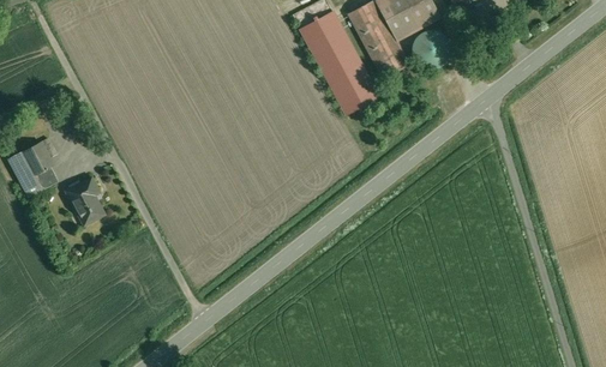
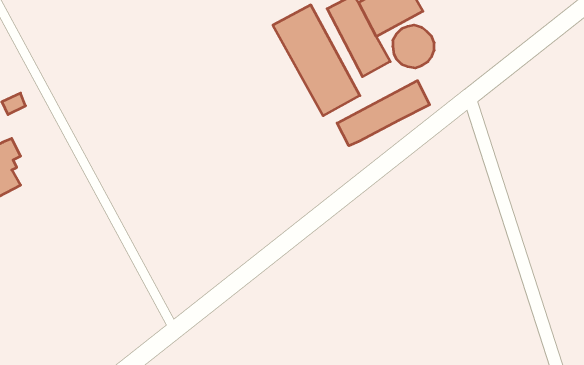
building: none -> [337,81,430,146]
building: [67,176,104,224] -> none

